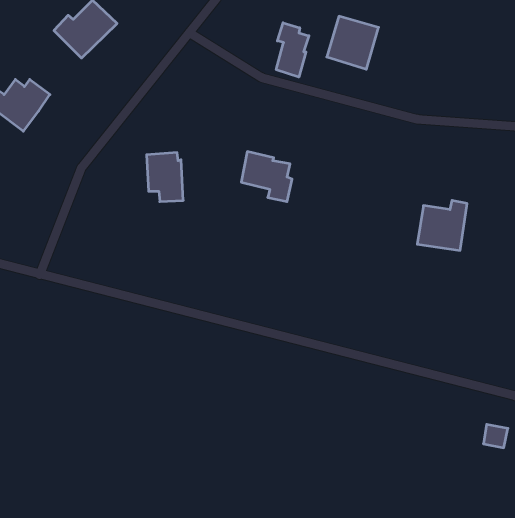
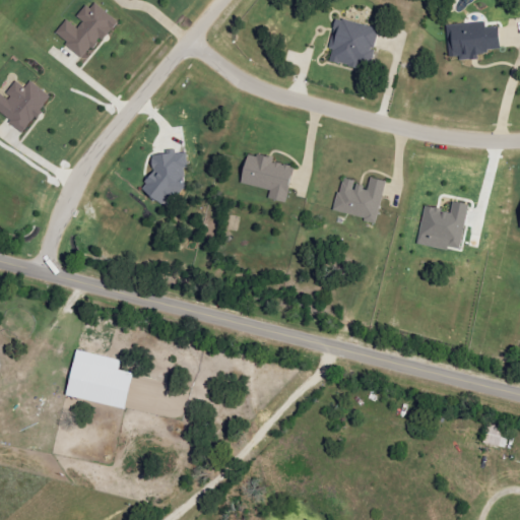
building: none -> [446,22,503,58]
building: [276,23,309,77] -> none
building: none -> [334,176,385,220]
building: none -> [69,350,136,407]

